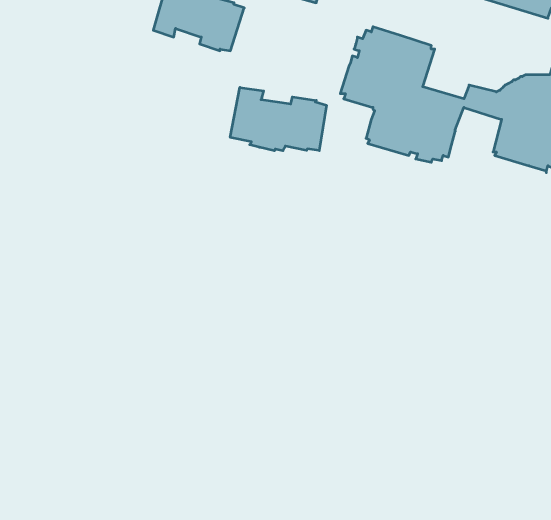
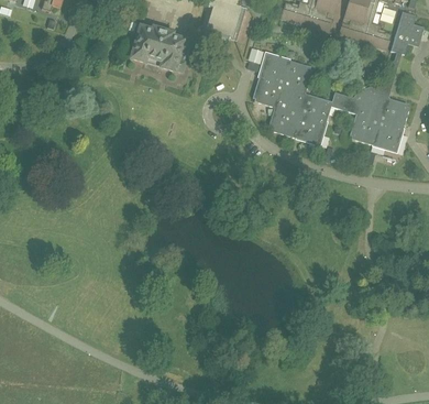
building: [230,87,326,151] -> none

